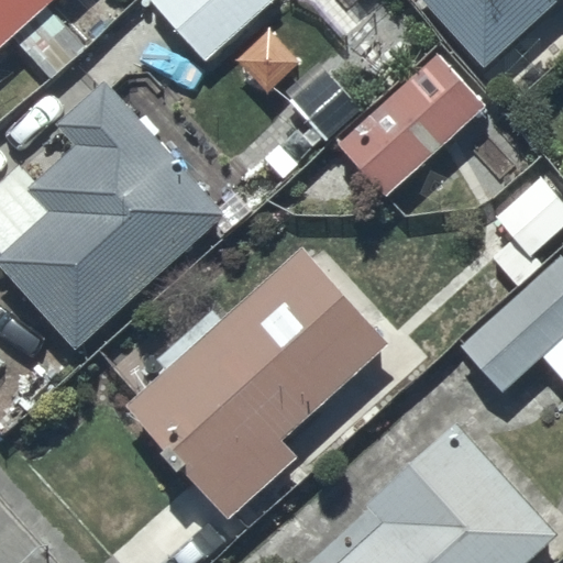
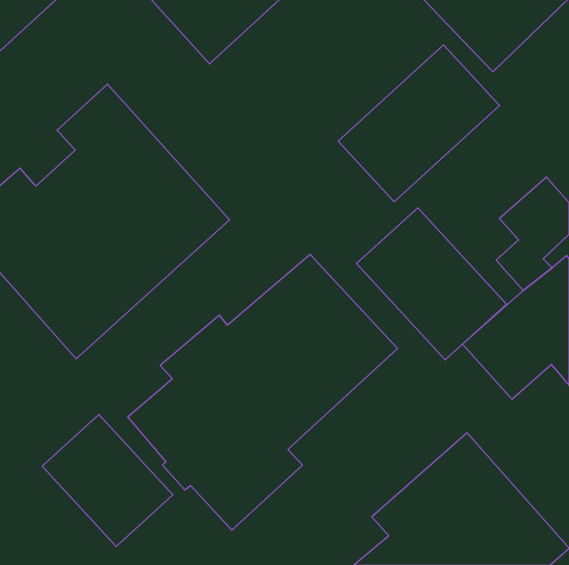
building: none -> [357,208,506,360]
building: none -> [42,414,173,546]

